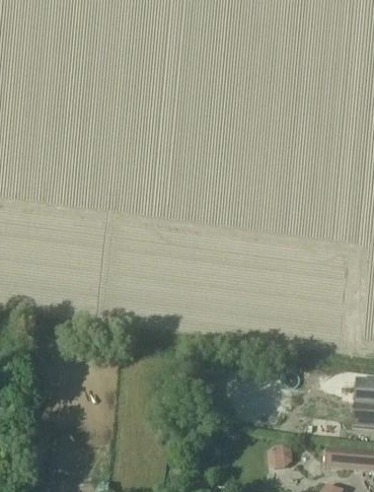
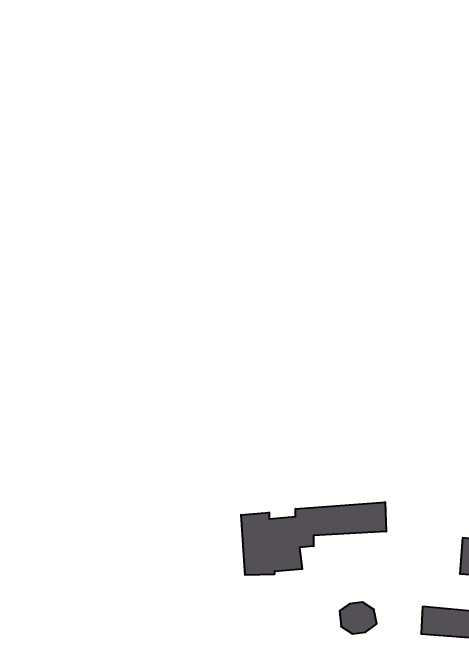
building: none -> [241,502,386,575]

